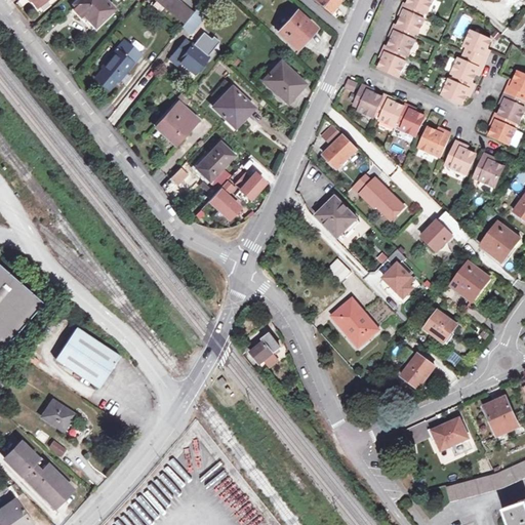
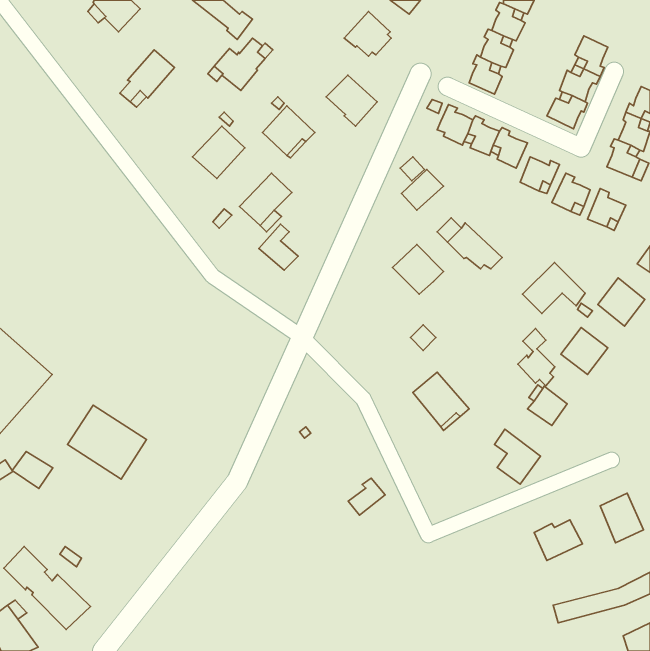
building: [234,171,265,198] -> none
building: [383,249,413,295] -> [518,329,555,386]
building: [250,334,280,364] -> [348,478,385,515]
building: [41,401,74,431] -> [12,451,53,488]

